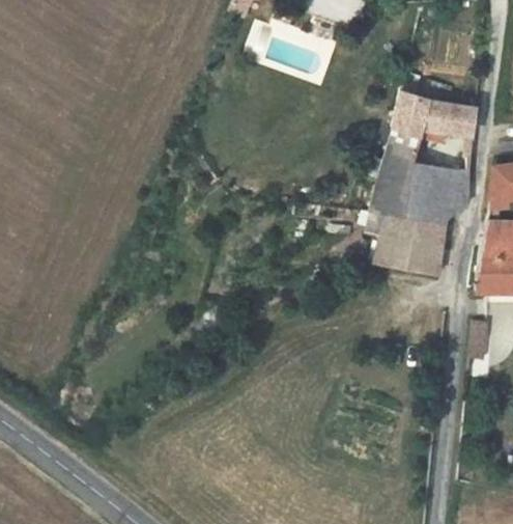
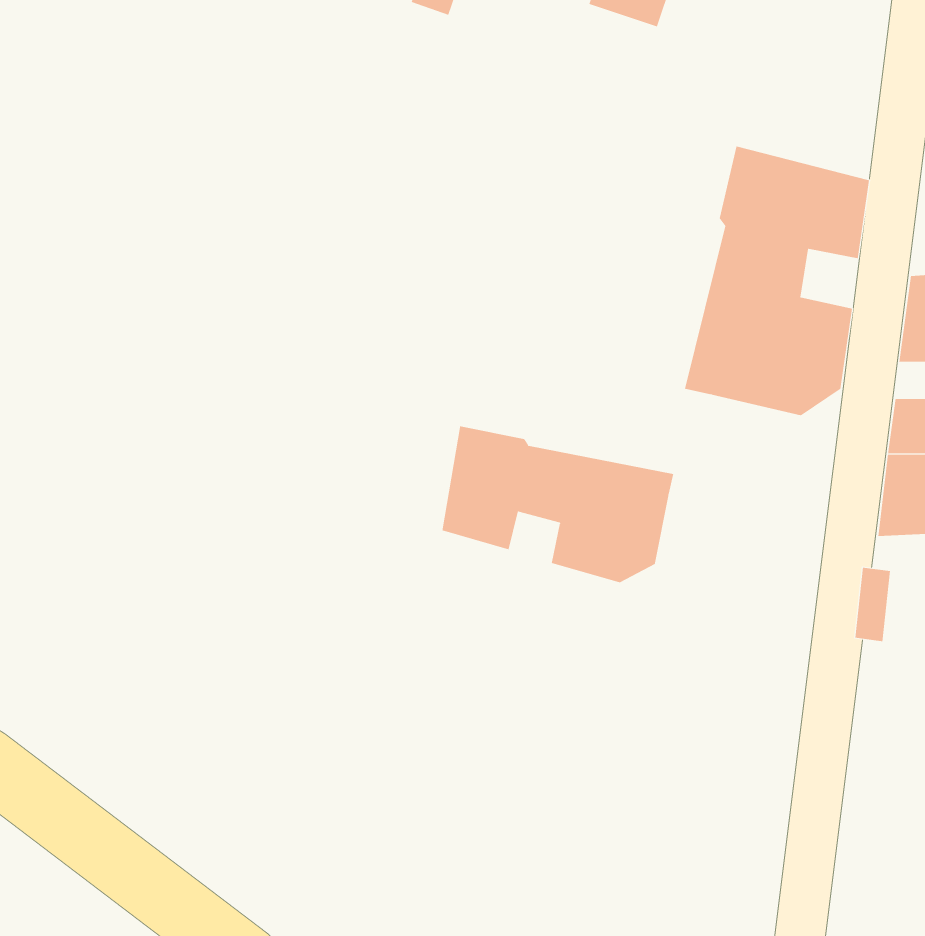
building: [378,220,437,277] -> none
building: none -> [442,425,674,583]

